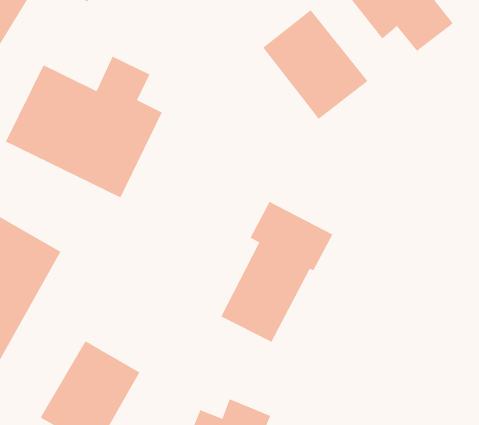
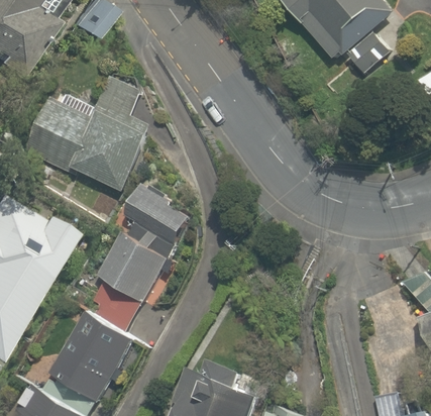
building: [262,9,369,120] -> none
building: [220,201,333,343] -> [101,188,194,304]

